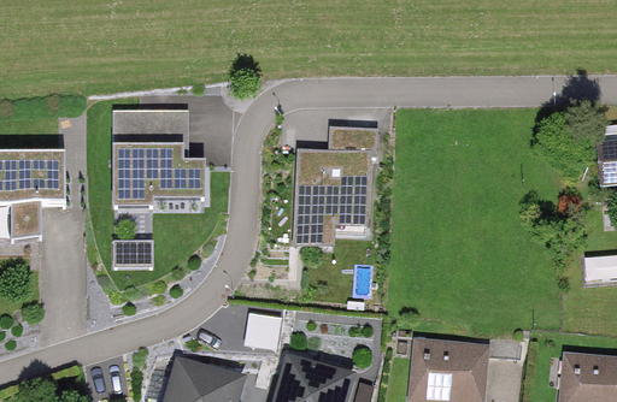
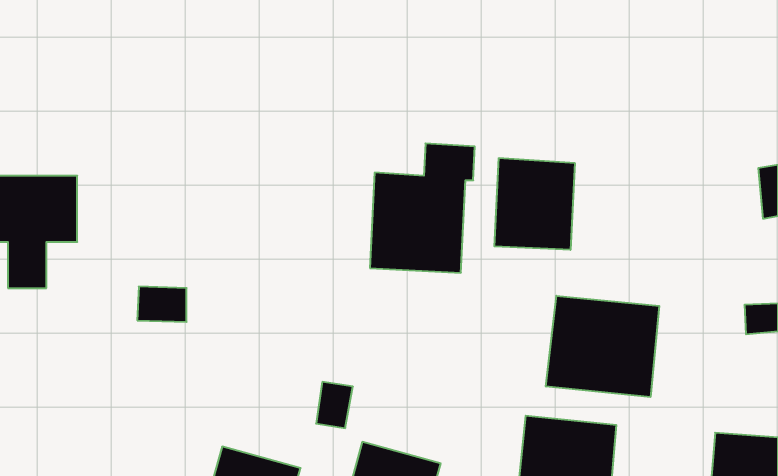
building: [113,110,202,205] -> none
building: none -> [494,158,575,250]
building: none -> [546,296,659,397]

